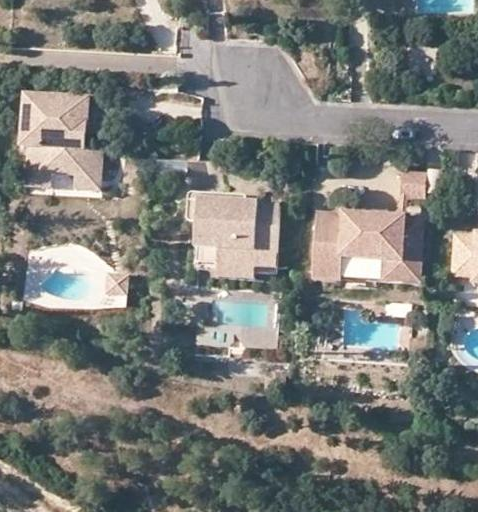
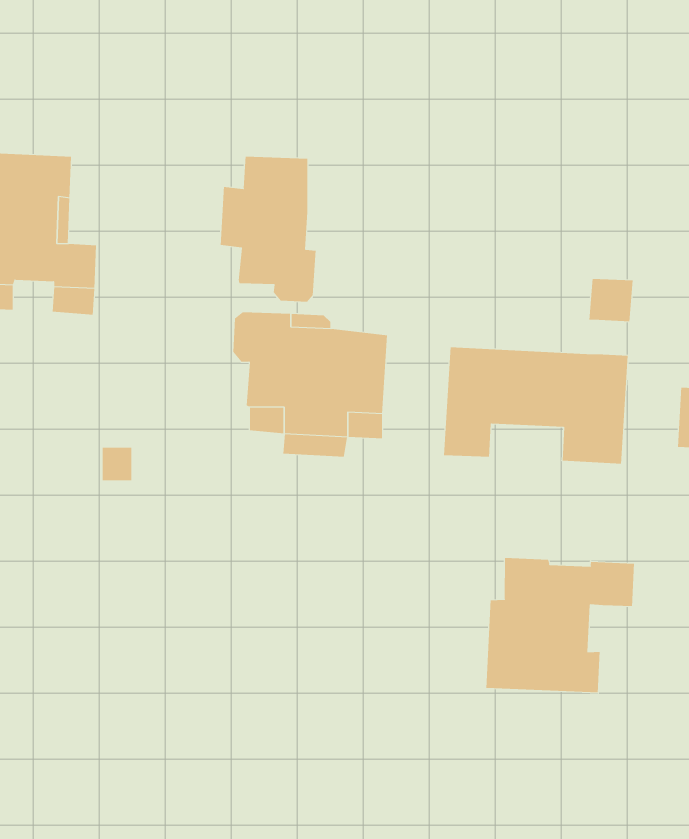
building: none -> [220,156,316,303]
building: none -> [486,557,635,693]

